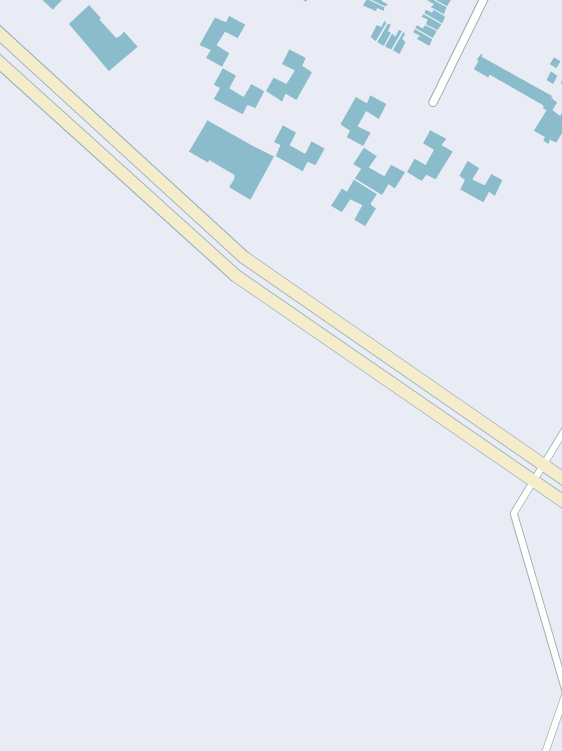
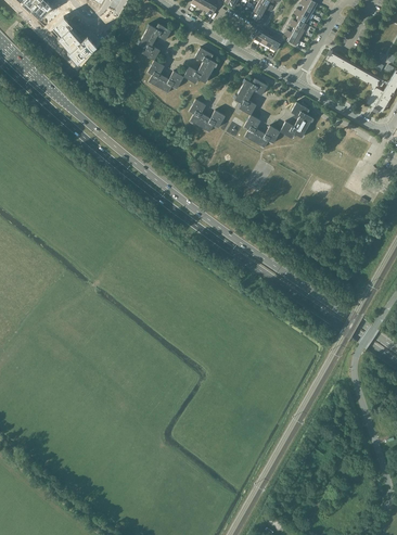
building: [188,119,275,201] -> none
building: [458,160,503,203] -> none
building: [330,179,378,227] -> none

